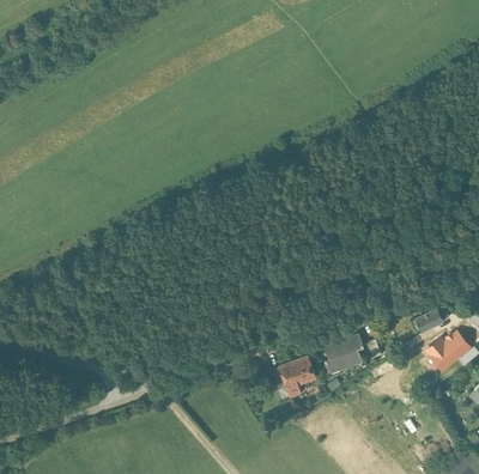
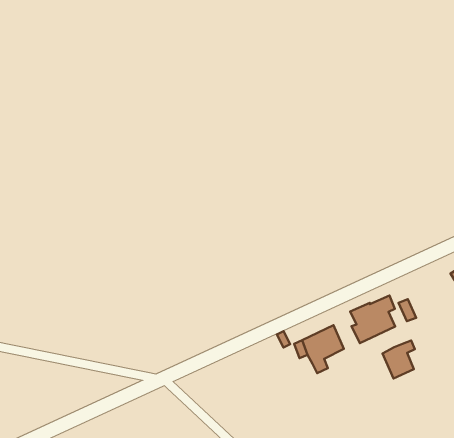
building: none -> [383,341,415,379]

